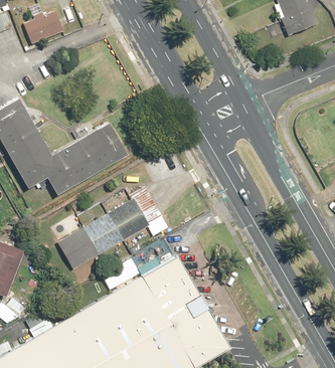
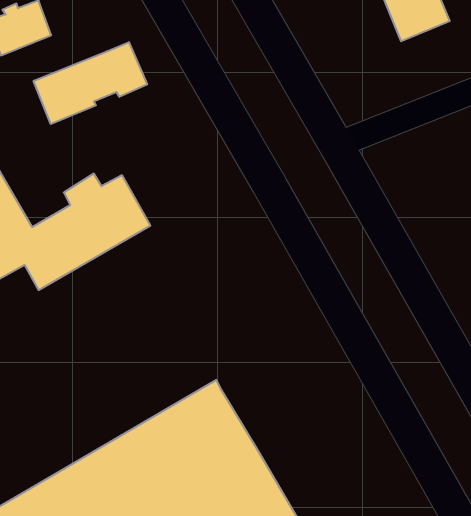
building: none -> [34,42,147,124]
building: [58,187,163,268] -> none

